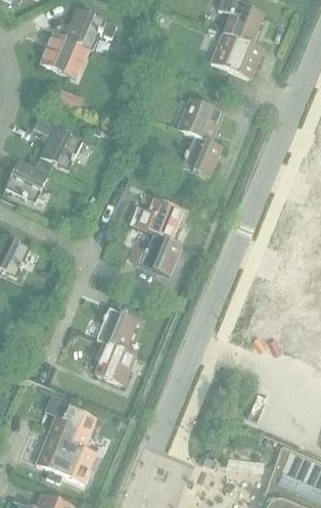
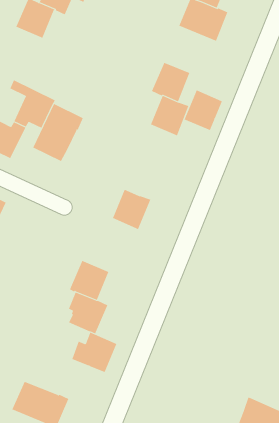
building: none -> [184,89,223,131]
building: none -> [32,103,84,162]
building: [135,197,182,239] -> none
building: [48,405,96,448] -> [71,332,117,373]

